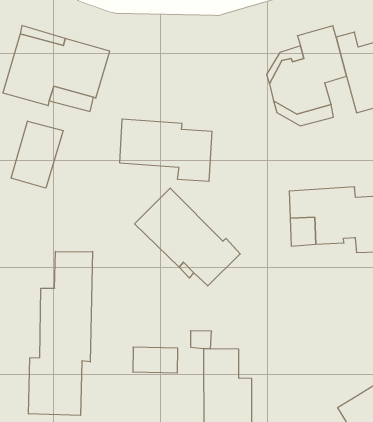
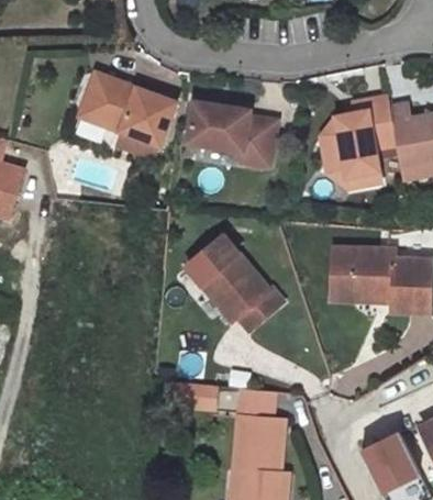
building: [120,119,212,181] -> [188,101,277,166]
building: [11,121,63,188] -> none
building: [29,251,93,415] -> none

